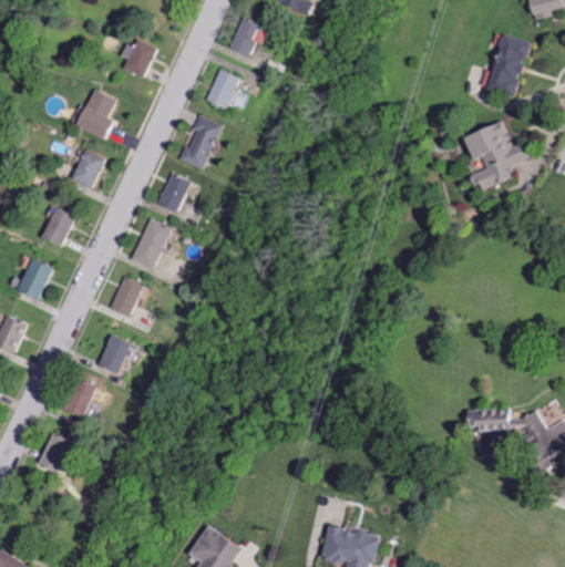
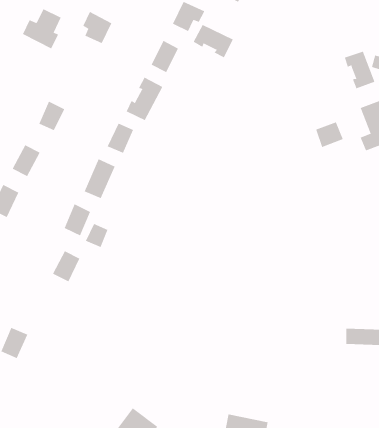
building: none -> [193,24,233,58]
building: none -> [344,51,375,89]
building: [69,90,116,140] -> [22,9,61,49]
building: none -> [316,122,344,148]
building: none -> [85,223,108,248]
building: [68,380,97,417] -> none

